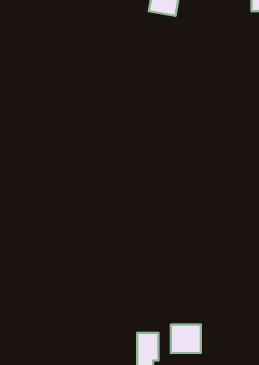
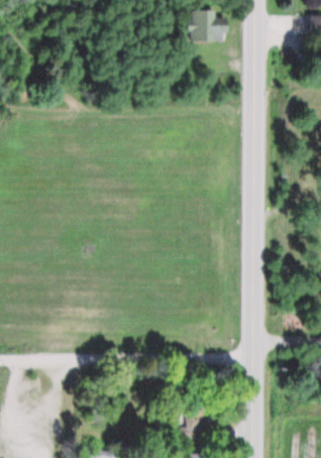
building: [171,324,201,353] -> none

